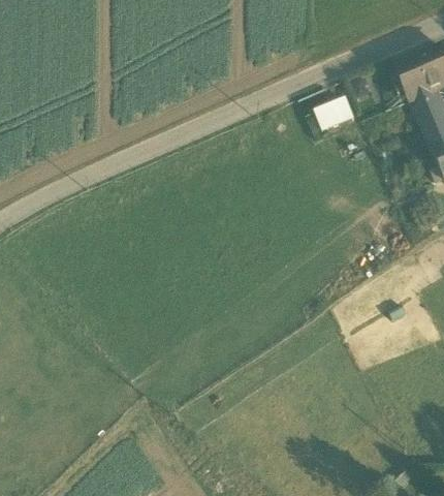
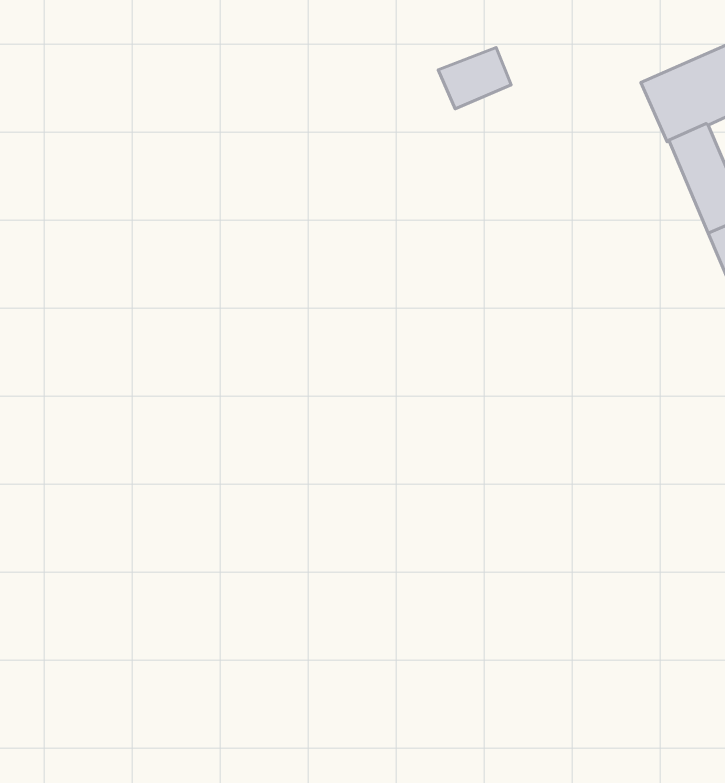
building: [314,96,354,130] -> [438,47,511,109]

